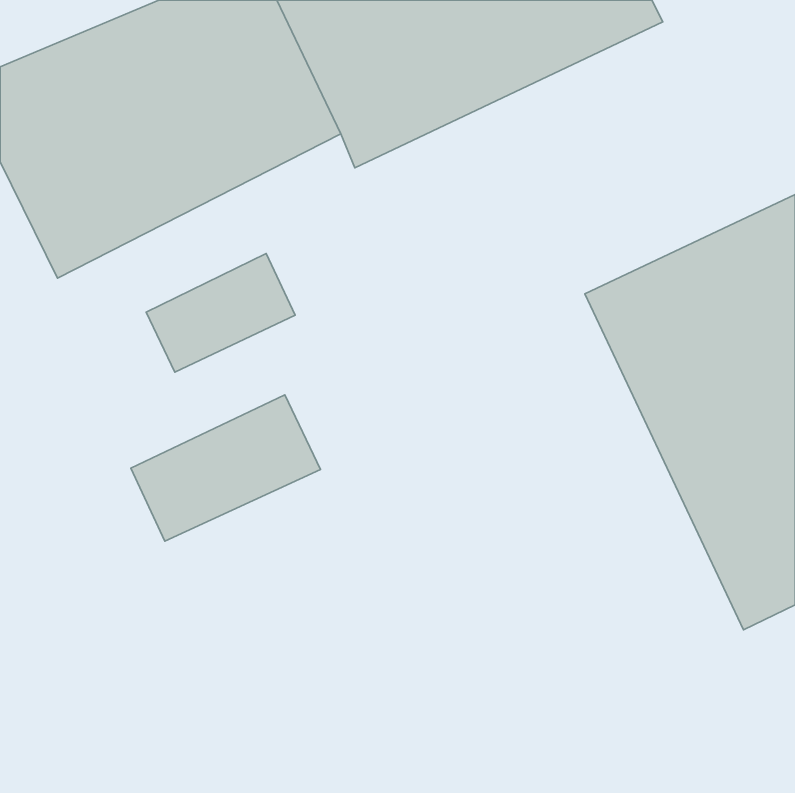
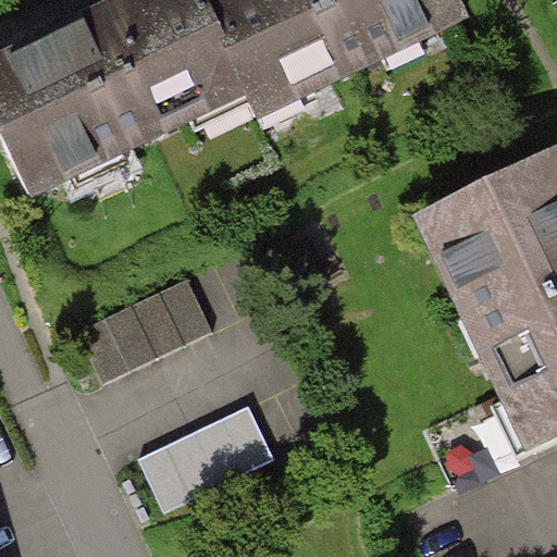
building: [146,253,295,372] -> none
building: none -> [149,409,284,504]

